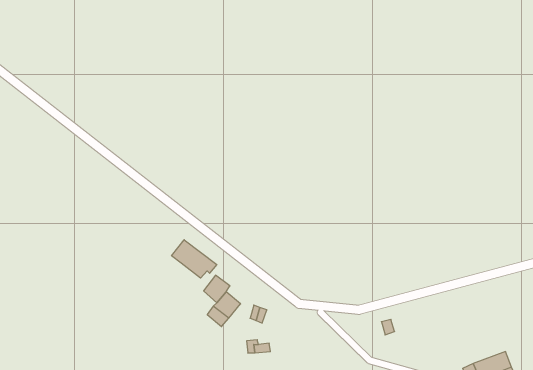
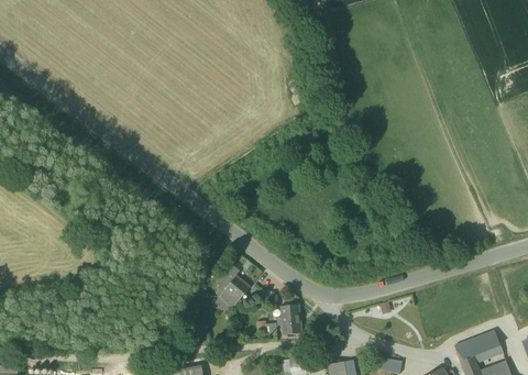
building: [172,240,217,278] -> none
building: none -> [280,305,301,334]

